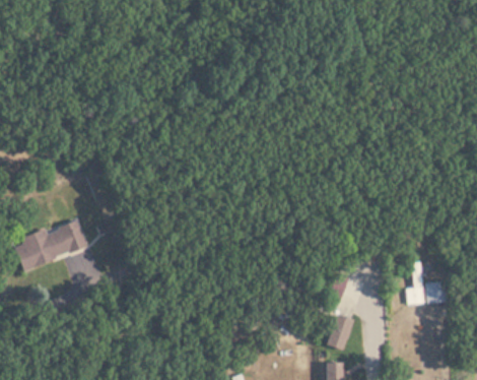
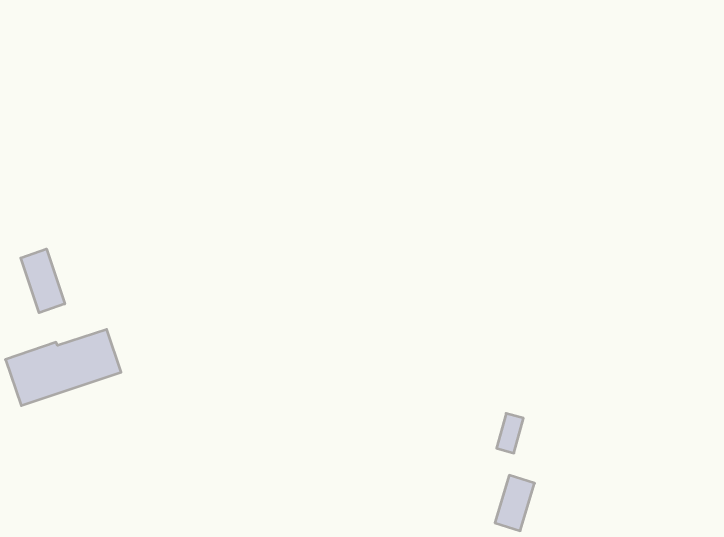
building: none -> [21,249,65,313]
building: [407,262,445,305] -> none

